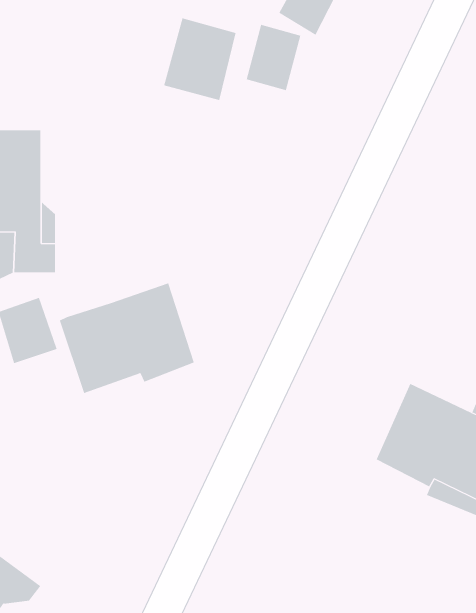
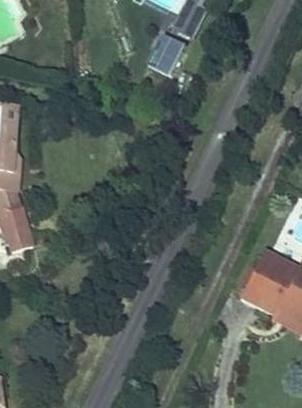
building: [163,17,236,101] -> none
building: [59,283,194,394] -> none

